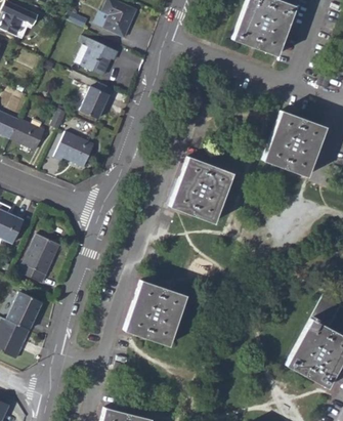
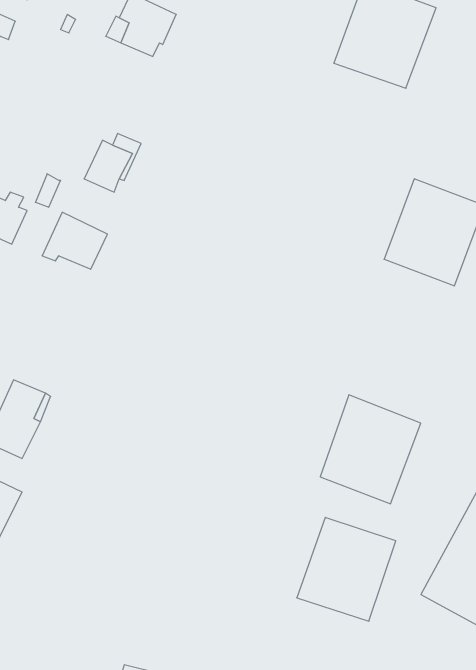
building: [75,36,118,75] -> none
building: [170,156,231,222] -> [320,395,421,504]
building: [124,281,184,344] -> [297,517,396,621]

